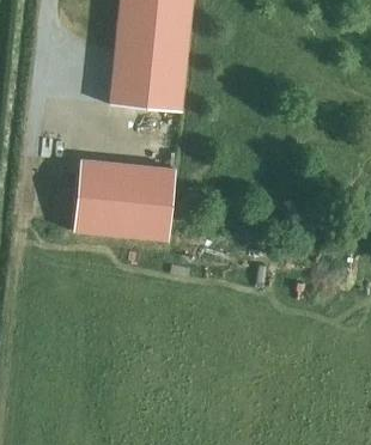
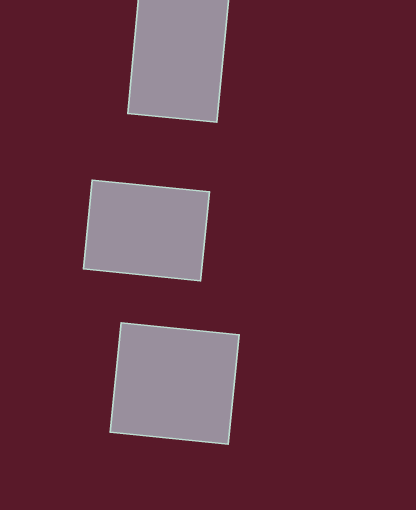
building: none -> [110,323,239,444]

